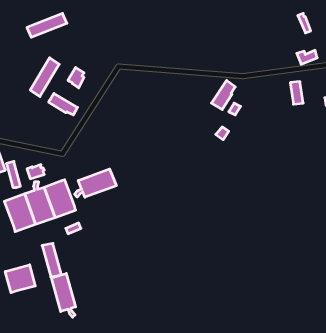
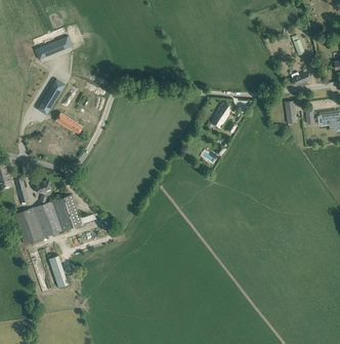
building: [75,169,116,197] -> none
building: [5,265,35,293] -> none
building: [51,273,76,317] -> none

